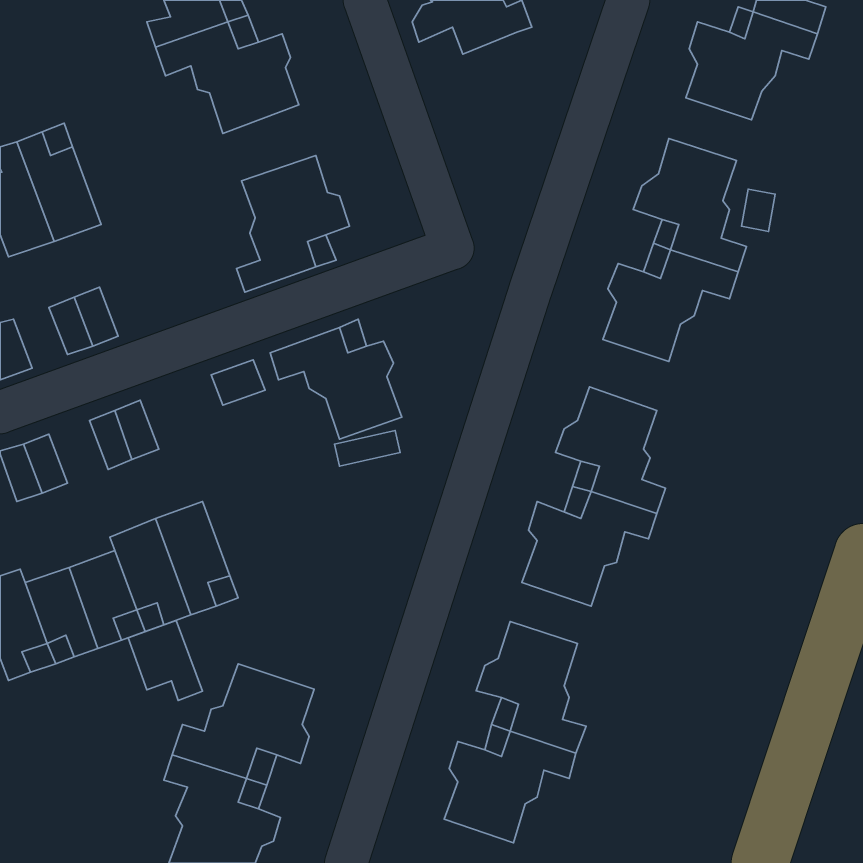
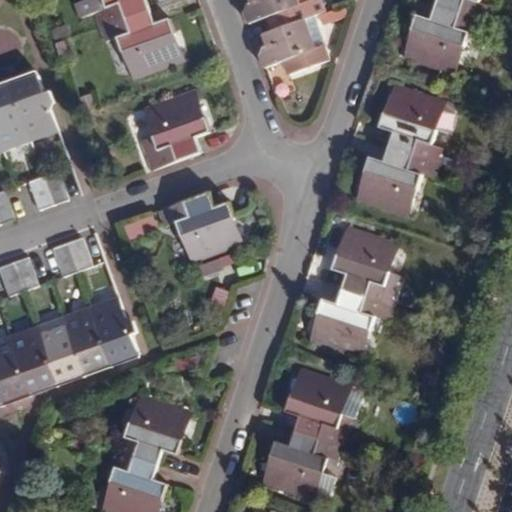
building: none -> [260,19,331,78]
building: [128,621,203,700] -> none

